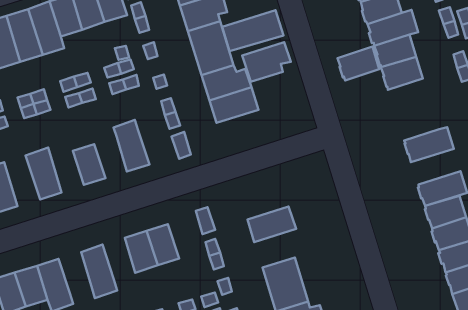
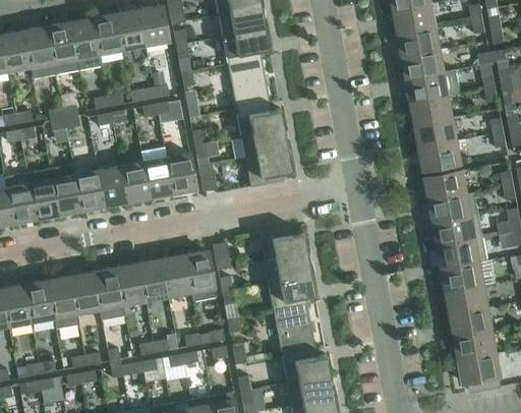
building: [222,10,283,51] -> none
building: [242,42,291,82] -> [244,153,292,188]
building: [337,47,379,80] -> [420,141,461,172]
building: none -> [425,171,467,201]
building: none -> [165,154,195,194]
building: none -> [119,163,149,202]
building: none -> [435,216,483,247]
building: none -> [74,171,104,212]
building: none -> [26,170,58,220]
building: none -> [257,228,306,261]
building: none -> [183,252,216,302]
building: none -> [268,277,314,311]
building: none -> [115,264,144,305]
building: none -> [69,274,99,313]

